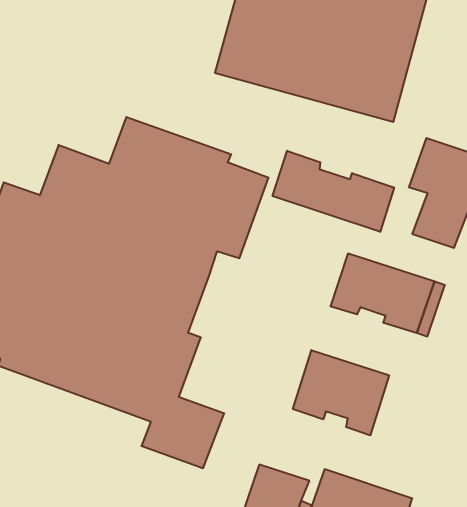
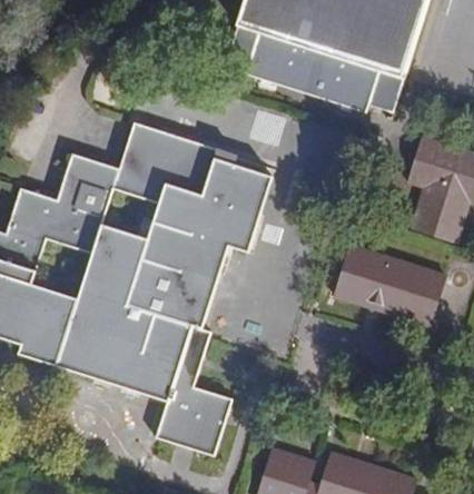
building: [273,151,394,232] -> none
building: [293,350,389,435] -> none

